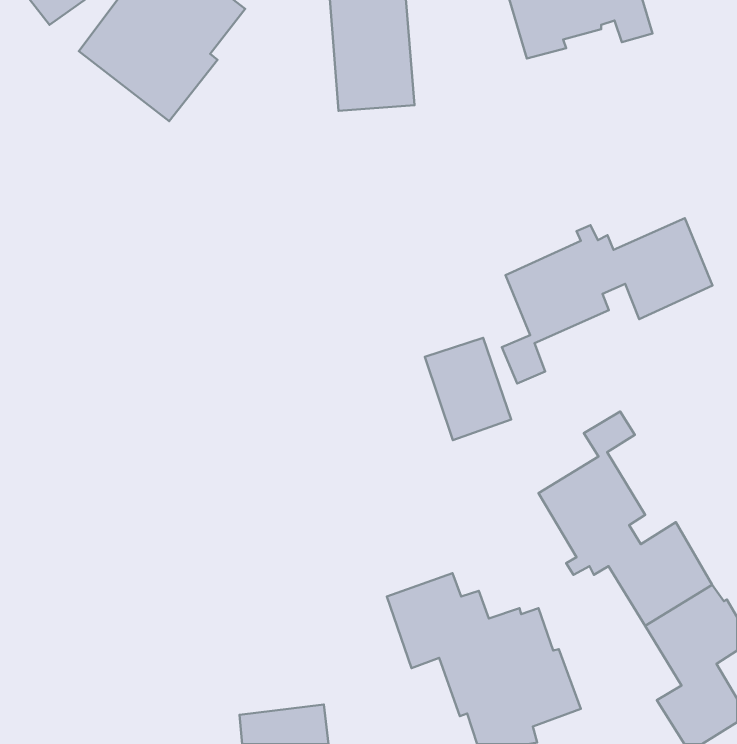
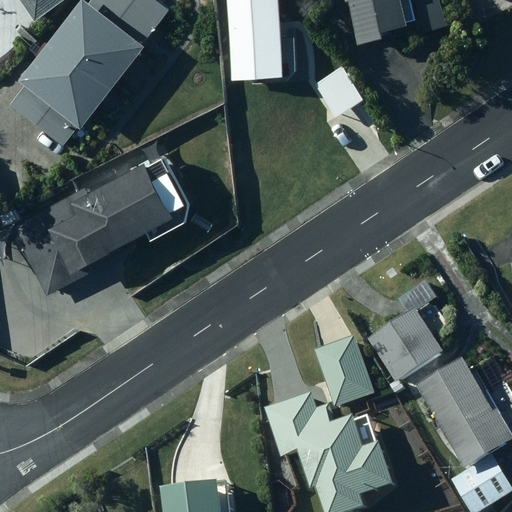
building: none -> [11,35,116,141]
building: [502,218,712,384] -> none
building: none -> [14,164,172,288]
building: [425,338,511,440] -> [314,337,373,407]

